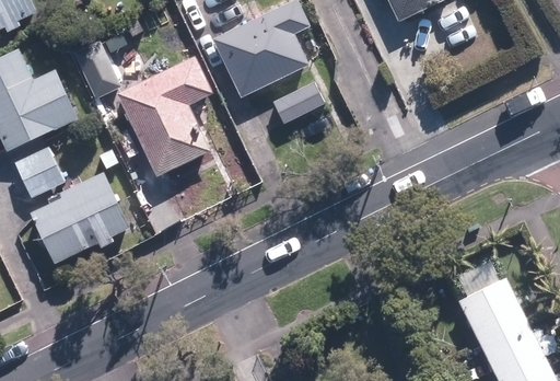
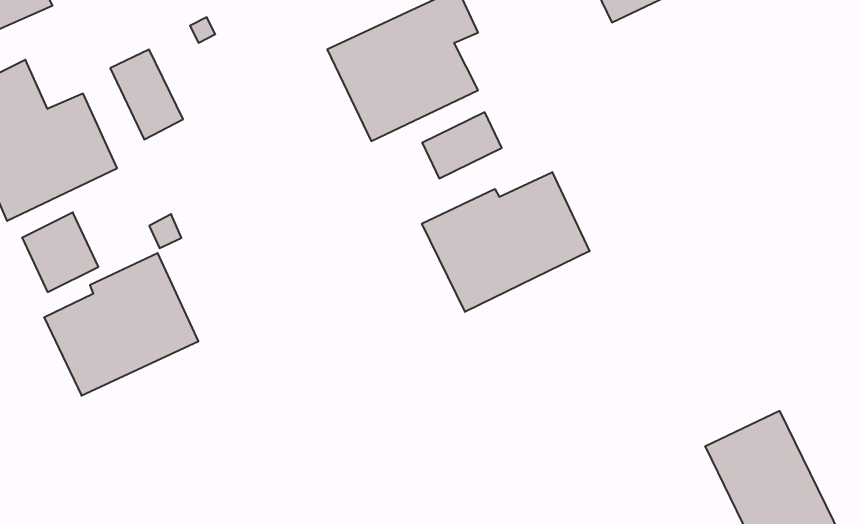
building: [117,58,213,178] -> none
building: none -> [422,172,590,312]

